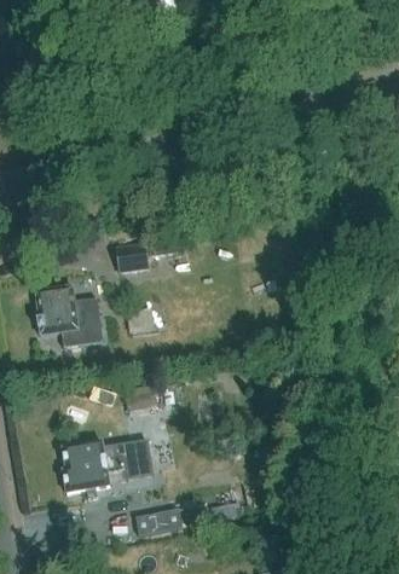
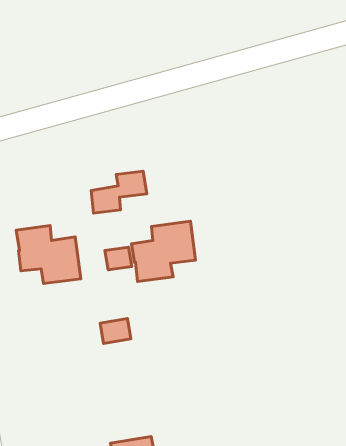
building: none -> [132,221,195,282]
building: [64,440,152,499] -> none

